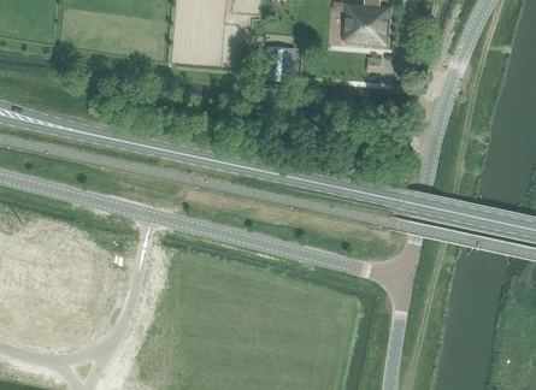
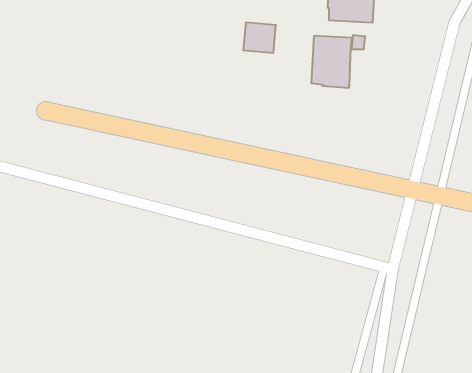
building: none -> [311,36,352,88]

